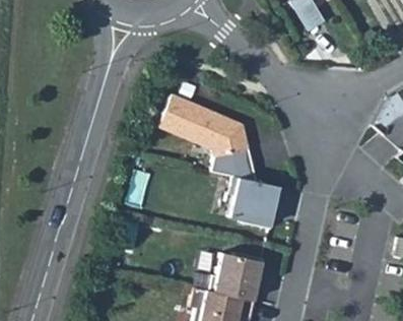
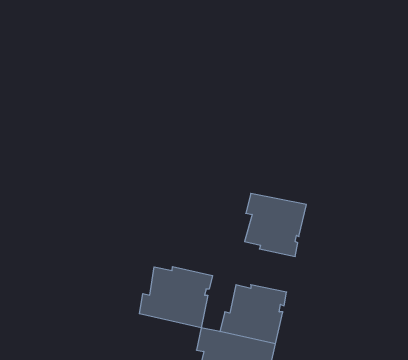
building: [158,94,249,174] -> none
building: none -> [139,267,213,328]

